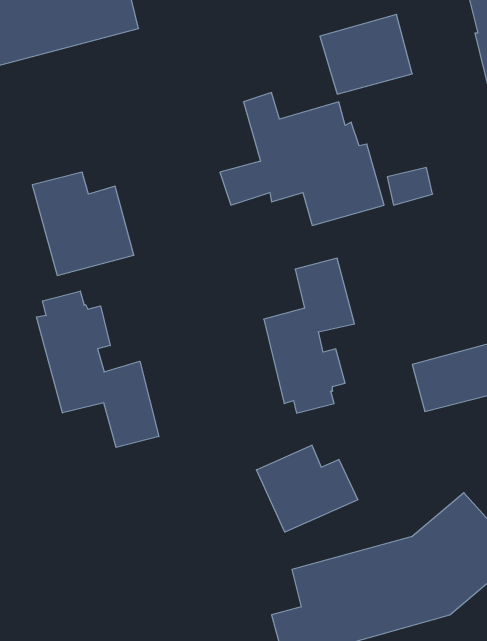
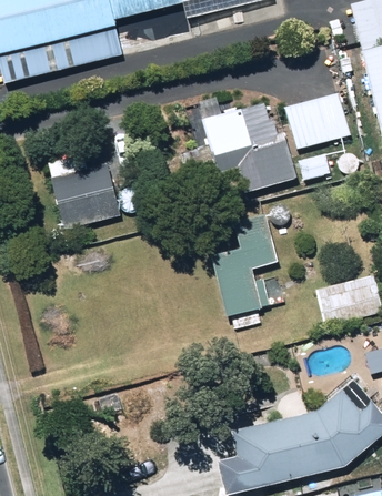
building: [320,14,412,94] -> [284,90,350,146]
building: [36,291,159,447] -> none
building: [256,445,358,532] -> none

